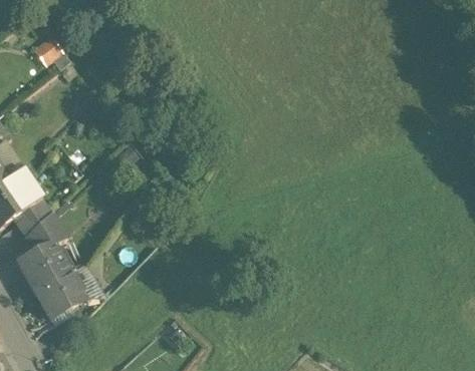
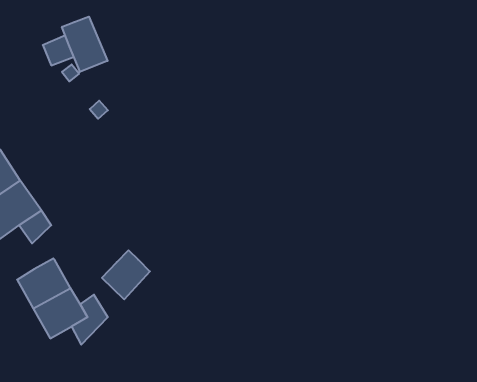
building: none -> [62,17,108,72]
building: [23,213,65,254] -> none
building: none -> [102,250,150,299]

